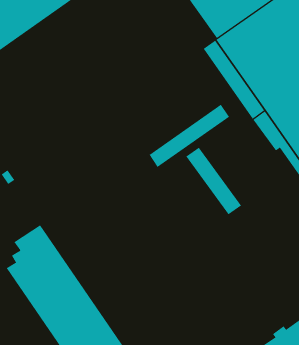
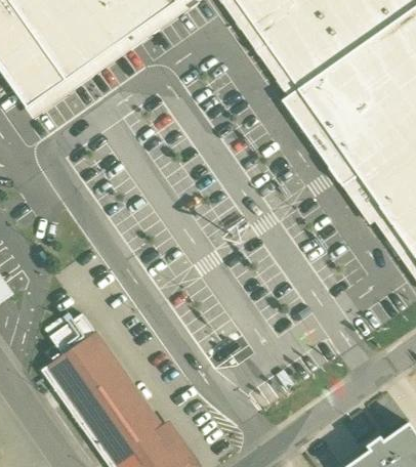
building: [149,104,230,168] -> none
building: [185,147,242,215] -> none

